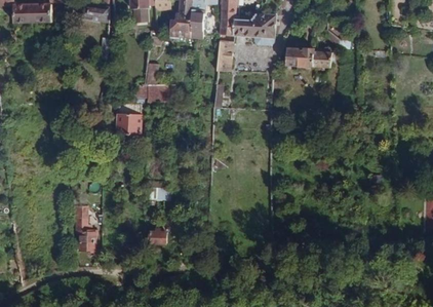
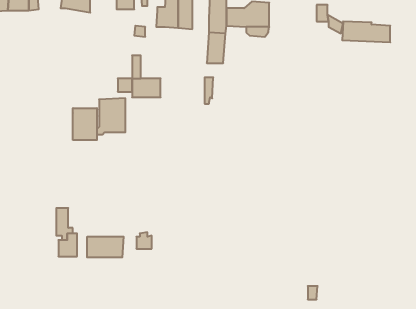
building: [285,47,330,67] -> [342,21,390,42]
building: none -> [73,108,97,140]
building: none -> [87,237,124,257]

